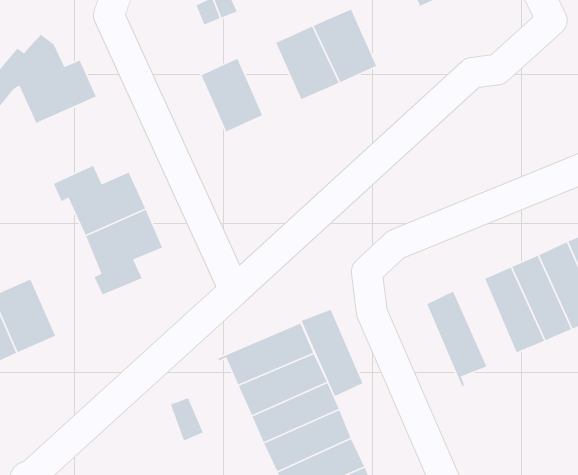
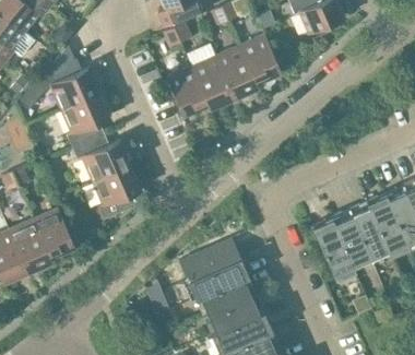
building: none -> [191,58,232,105]
building: none -> [61,93,111,149]
building: [301,309,363,397] -> [330,210,370,267]

